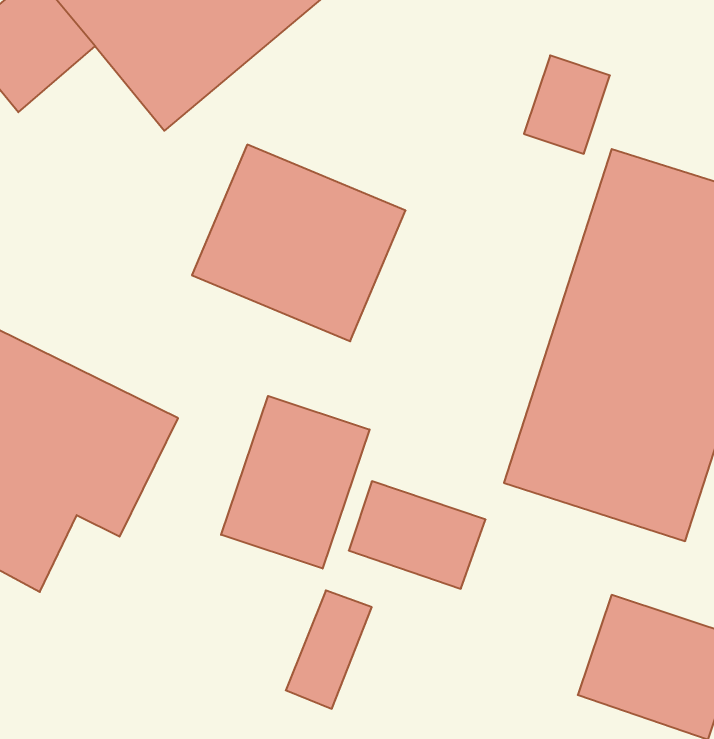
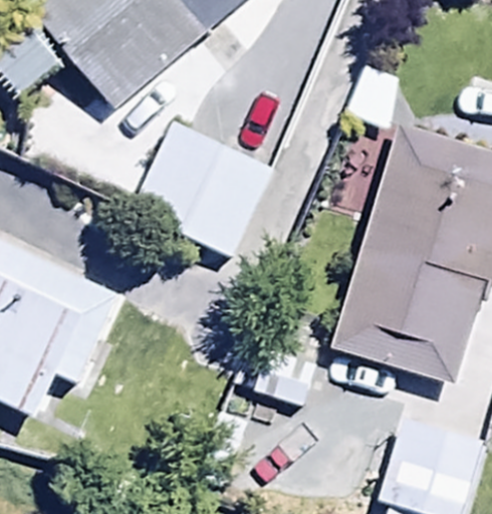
building: [221,396,370,569] -> none

